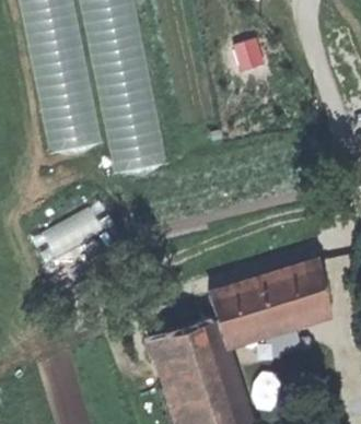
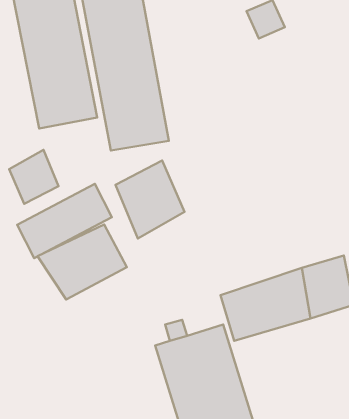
building: none -> [9,150,58,204]
building: none -> [115,161,184,238]
building: none -> [38,225,127,300]

